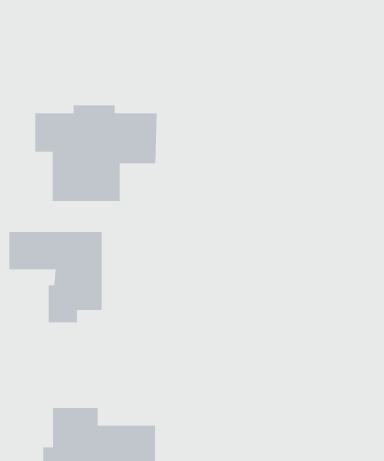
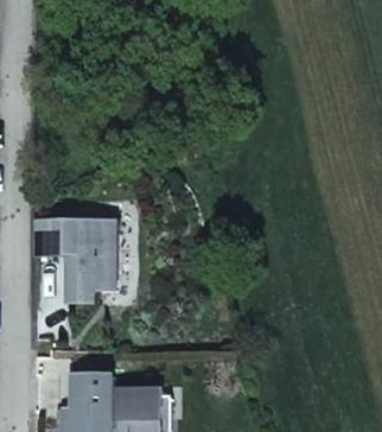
building: [35,104,157,202] -> none

